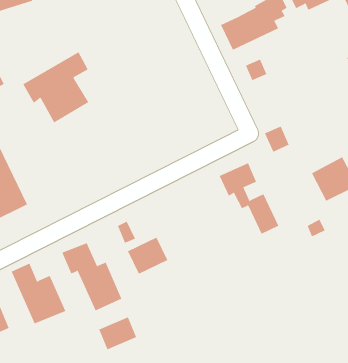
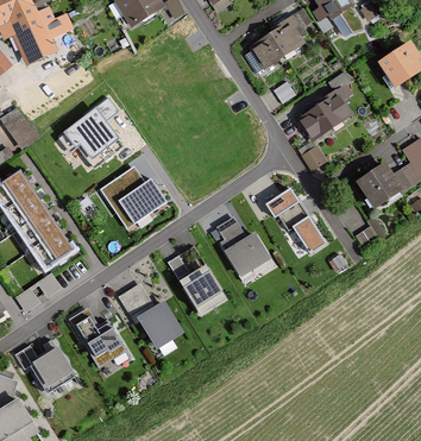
building: none -> [297,71,354,143]
building: none -> [100,163,172,233]
building: none -> [218,215,272,275]
building: [99,316,137,350] -> none

